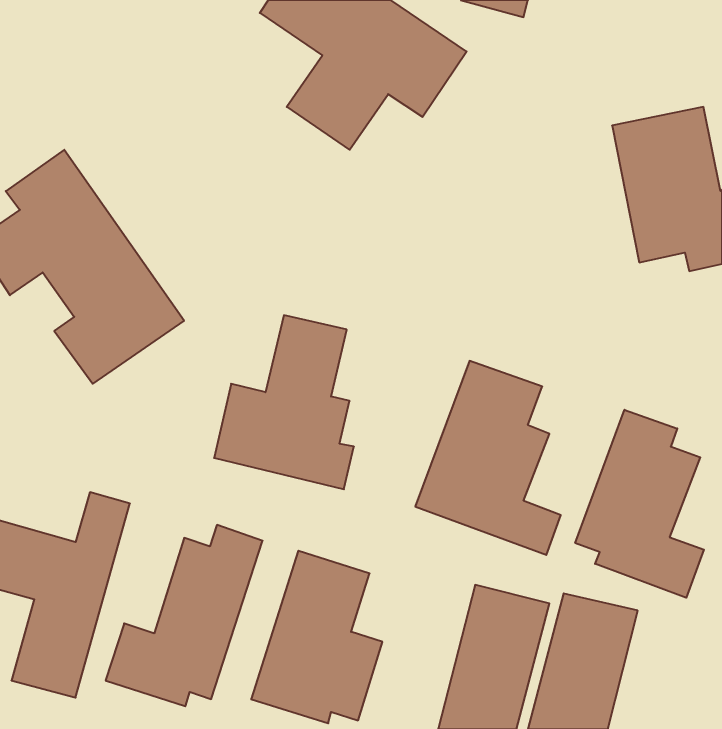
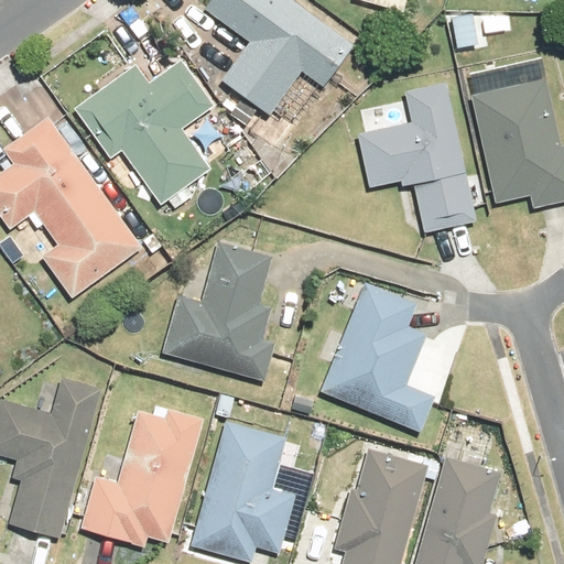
building: none -> [76,57,216,206]
building: none -> [356,86,474,230]
building: [575,410,704,598] -> none

